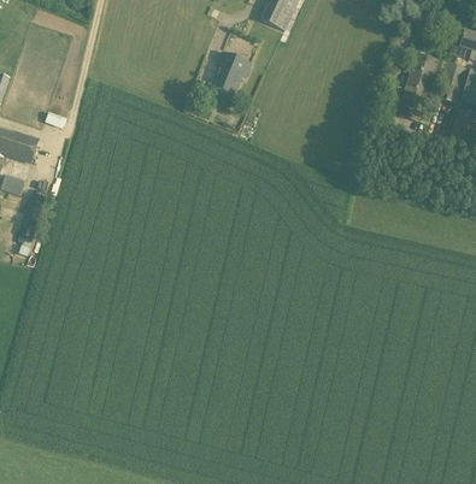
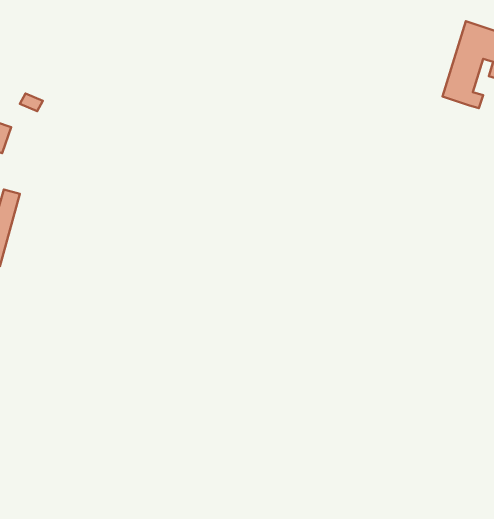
building: [210,49,249,94] -> none

